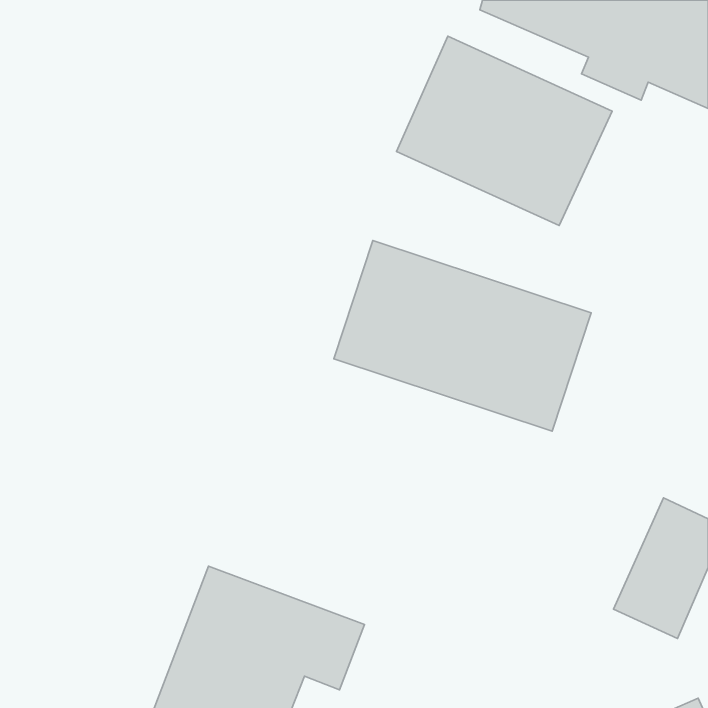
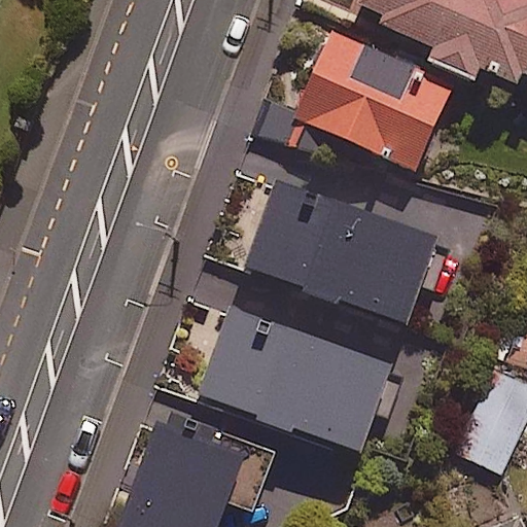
building: none -> [203,306,393,449]

